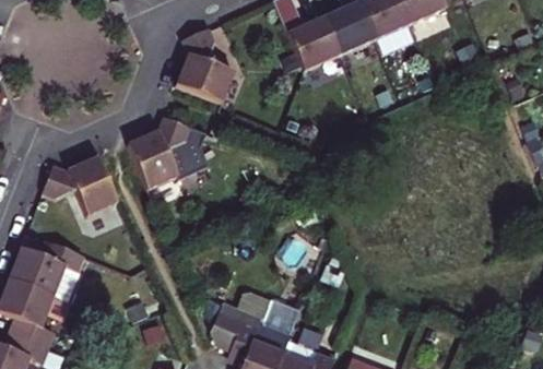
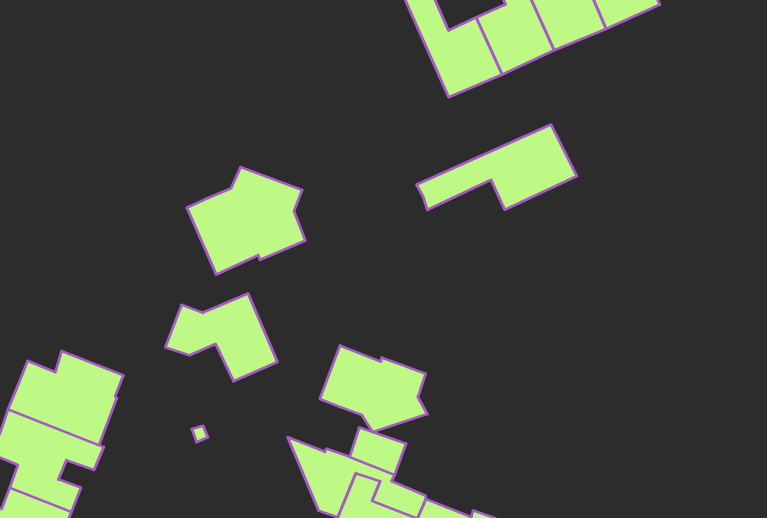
building: [176,27,234,103] -> none
building: none -> [417,125,577,210]
building: [42,157,117,216] -> [165,293,277,381]
building: none -> [320,345,427,432]

